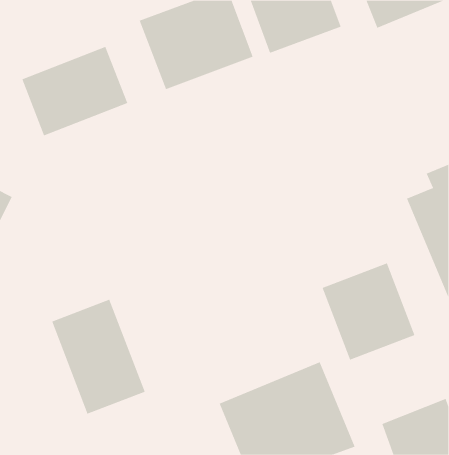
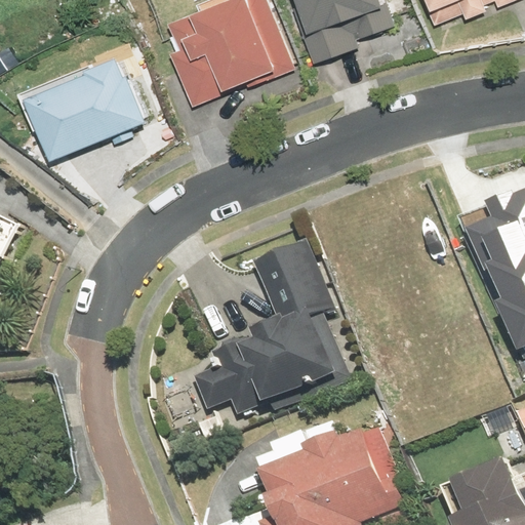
building: none -> [195,239,350,420]
building: [322,262,415,361] -> none
building: [51,299,145,415] -> none

